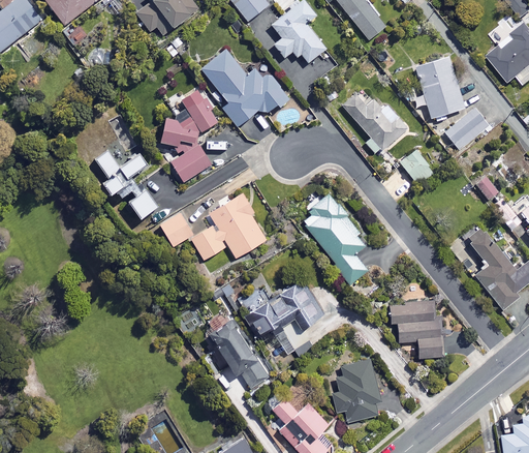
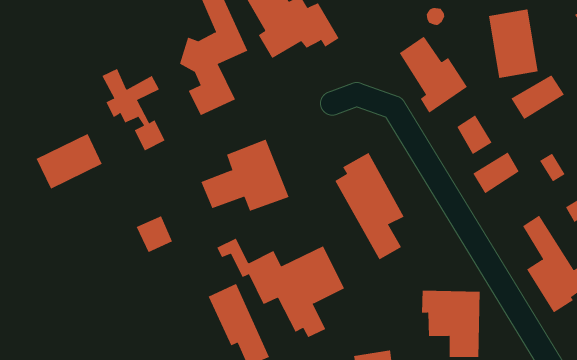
building: none -> [473,151,520,194]
building: none -> [36,133,103,190]
building: [160,213,193,246] -> [136,216,173,253]

